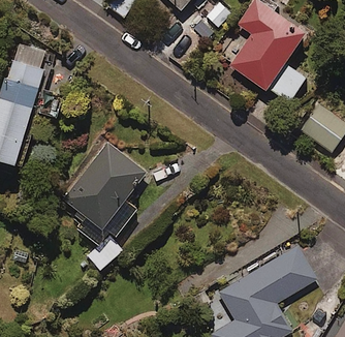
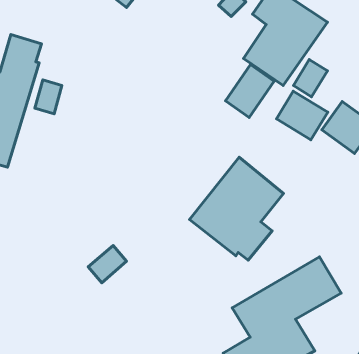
building: none -> [226,65,274,117]
building: none -> [276,91,328,140]
building: [61,141,147,235] -> [189,157,283,260]

